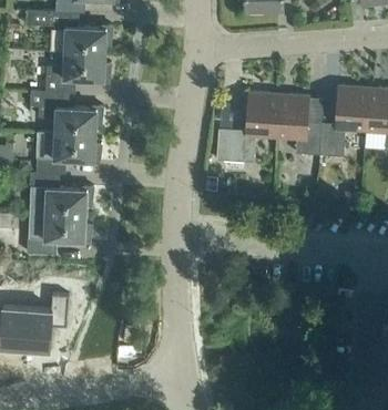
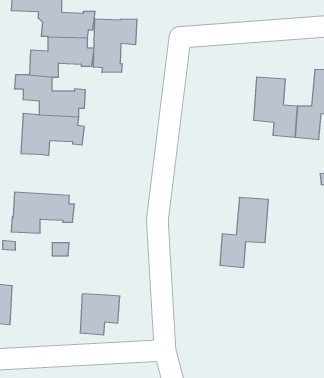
building: none -> [94,19,137,73]
building: [228,92,278,164] -> [220,197,268,267]
building: [29,172,93,216] -> none
building: [24,309,65,351] -> [80,294,120,335]

